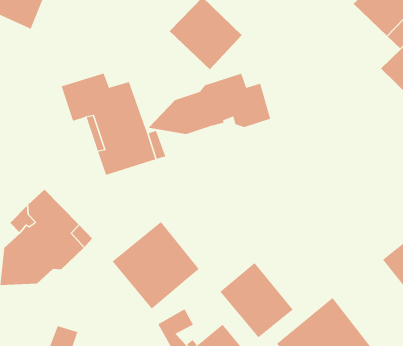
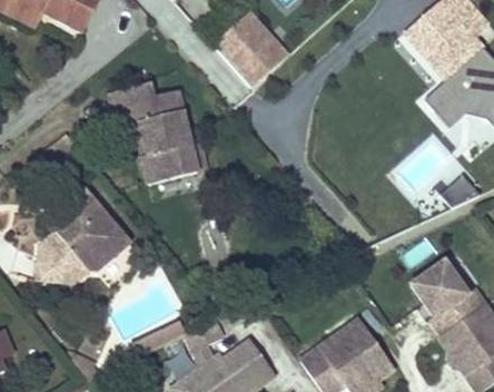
building: [148,73,271,135] -> none
building: [112,221,199,310] -> none
building: [219,262,294,338] -> none

